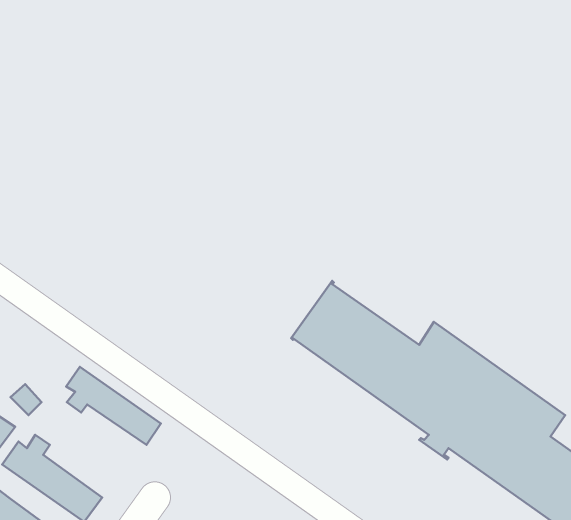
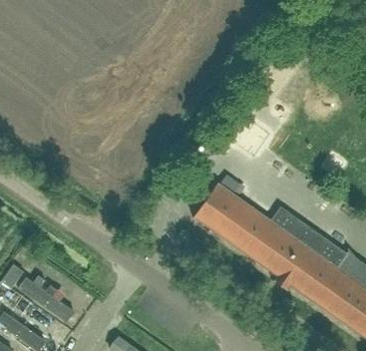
building: [66,367,161,445] -> none

